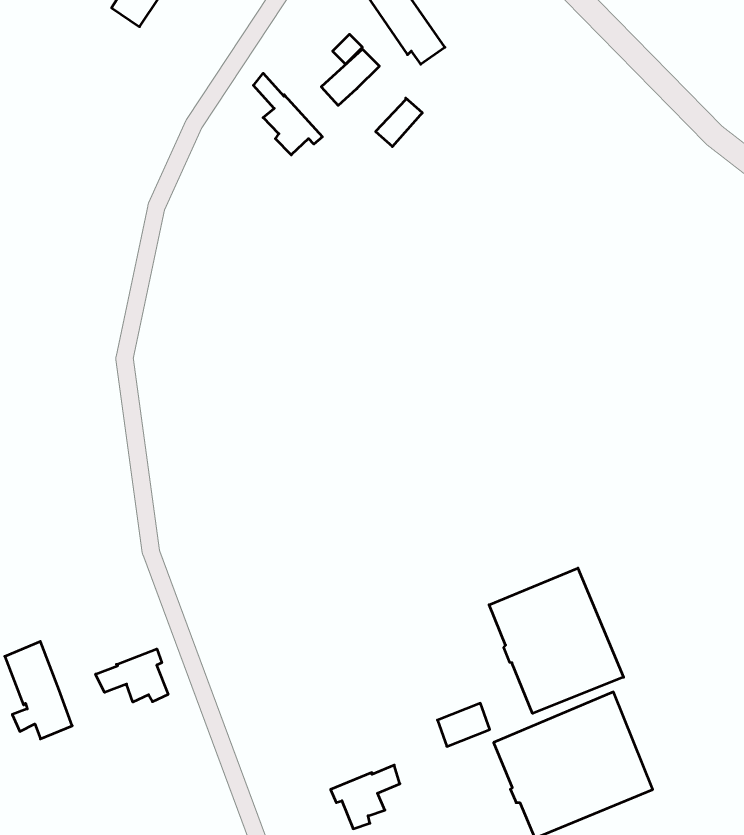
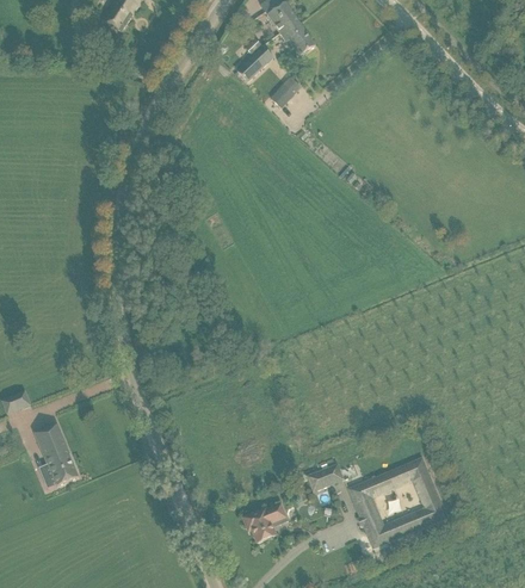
building: [253,73,322,155] -> none
building: [489,568,624,713] -> none
building: [96,649,168,702] -> none

